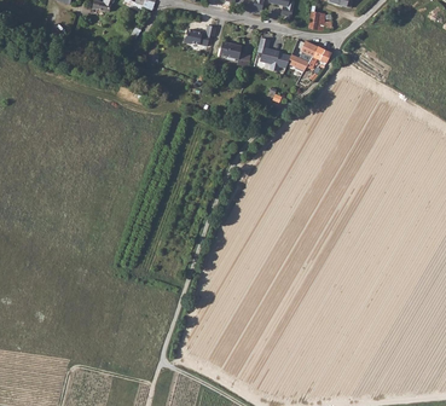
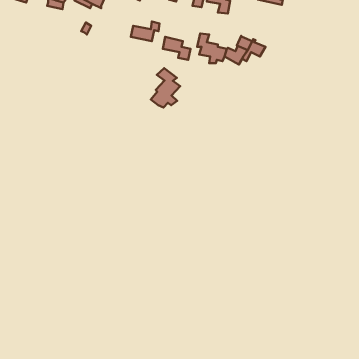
building: none -> [151,68,180,108]

